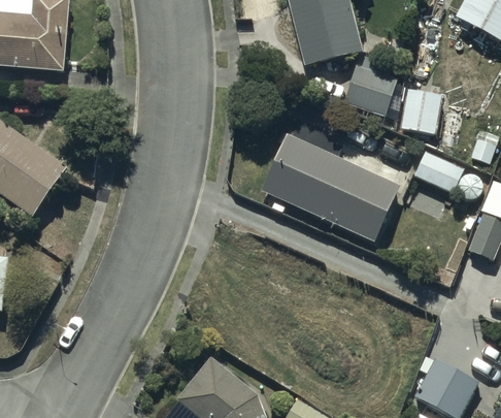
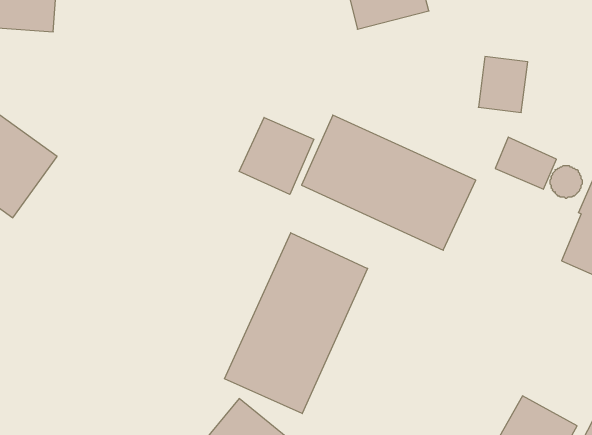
building: [343,64,397,115] -> none
building: none -> [239,117,314,194]
building: none -> [224,233,368,414]

